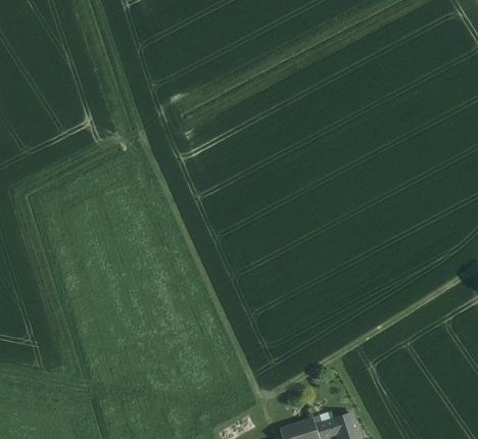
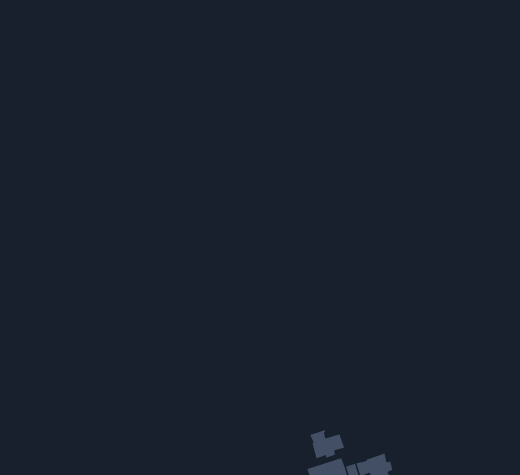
building: none -> [309,429,345,459]

